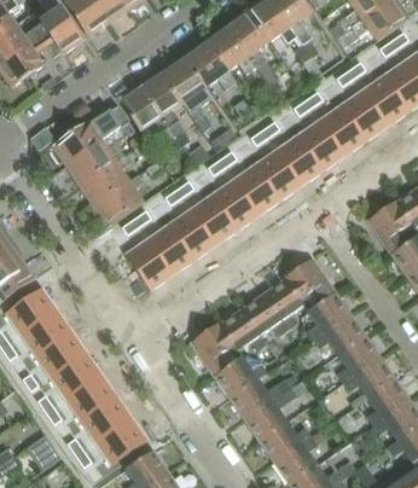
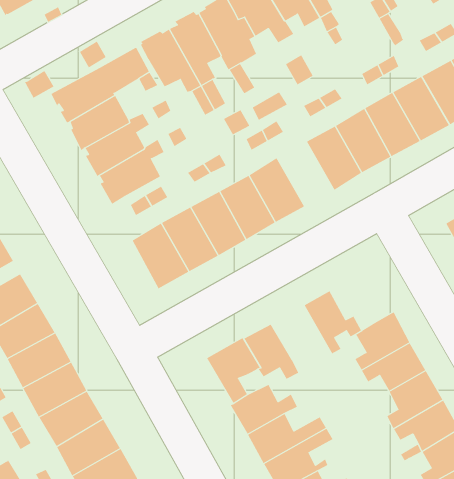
building: [233,164,280,215] -> none
building: [283,258,333,308] -> none
building: [240,292,290,336] -> none

